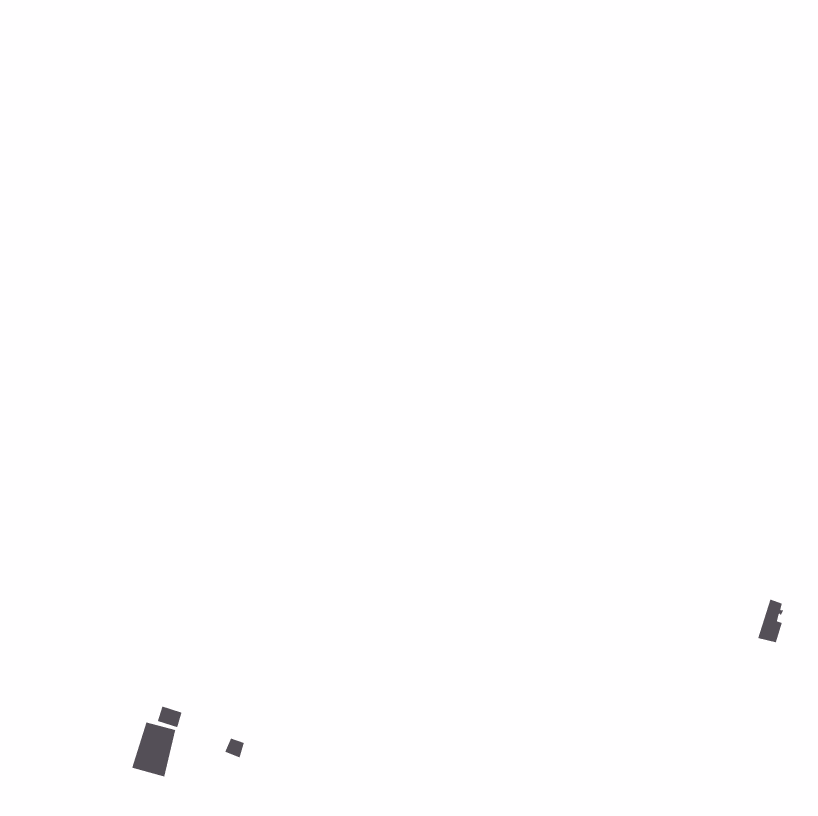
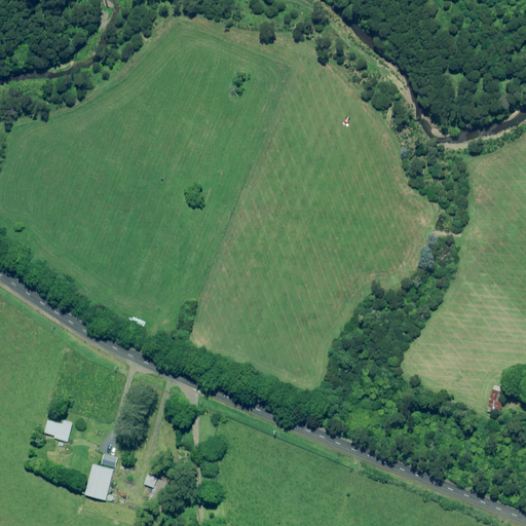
building: none -> [44,419,72,441]

